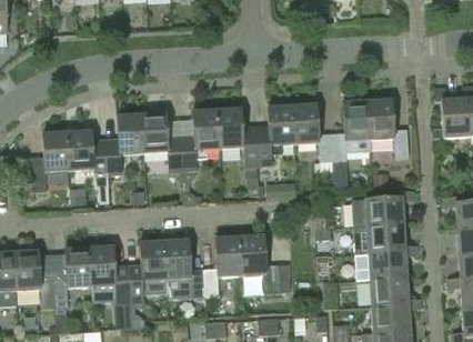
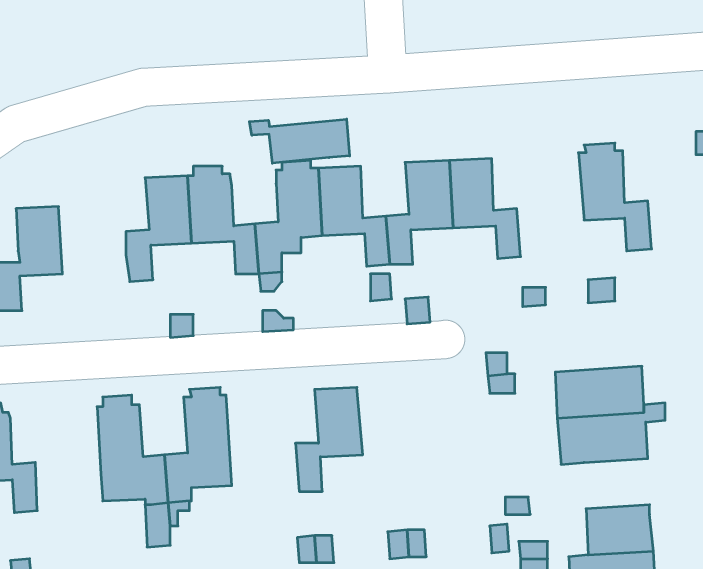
building: none -> [249,119,350,163]
building: [332,97,371,161] -> none
building: [68,125,110,203] -> none
building: [353,191,414,228] -> none
building: [240,235,282,293] -> none
building: [164,240,207,299] -> none
building: [54,243,92,308] -> none
building: [371,278,421,310] -> none

